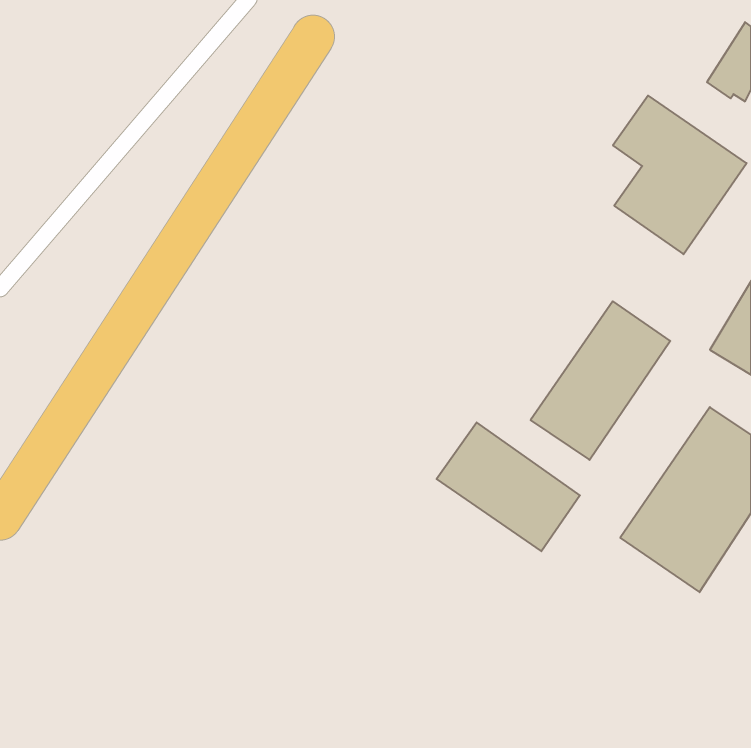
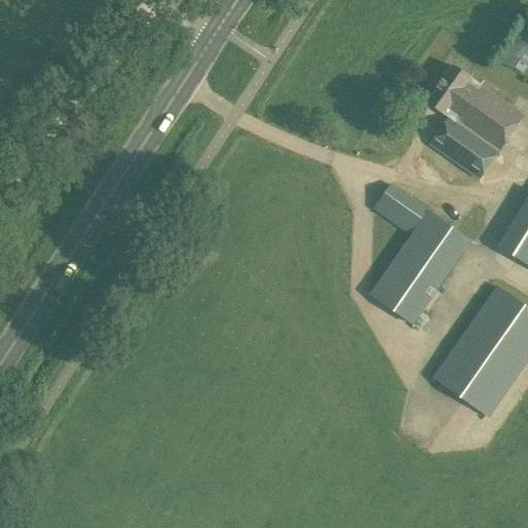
building: none -> [374,185,427,234]
building: [437,422,580,551] -> none

